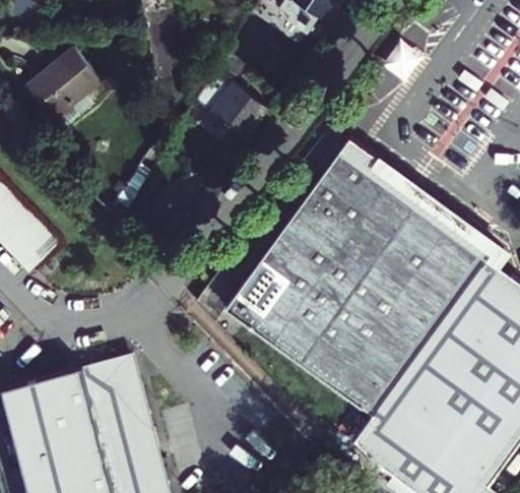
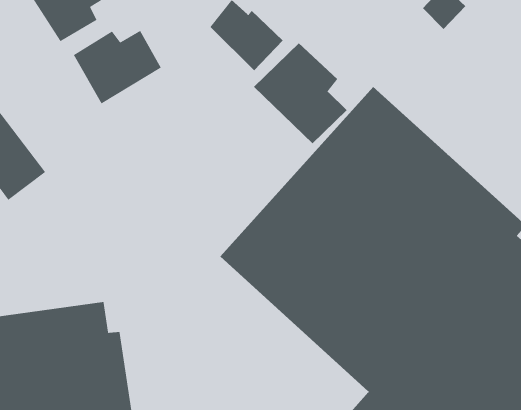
building: none -> [253,42,348,144]
building: none -> [73,30,162,105]

